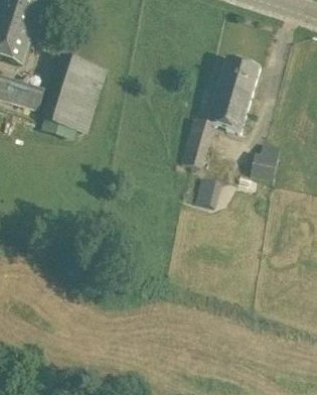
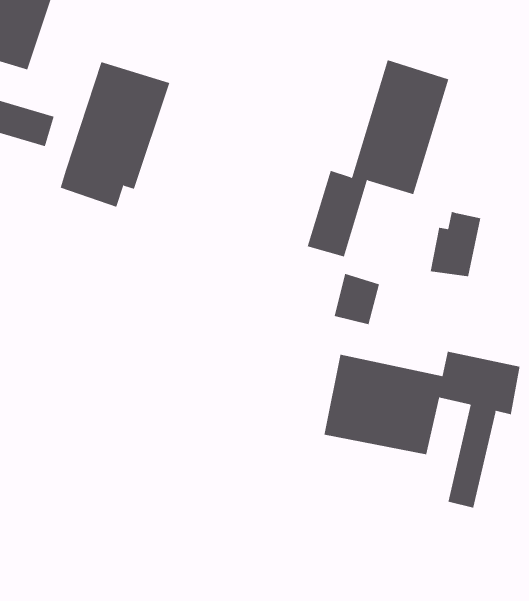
building: none -> [324,351,520,509]

